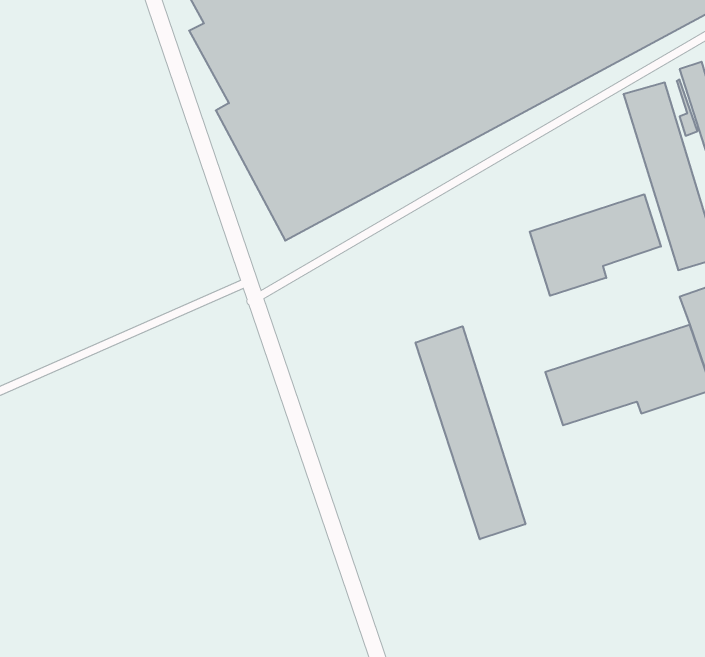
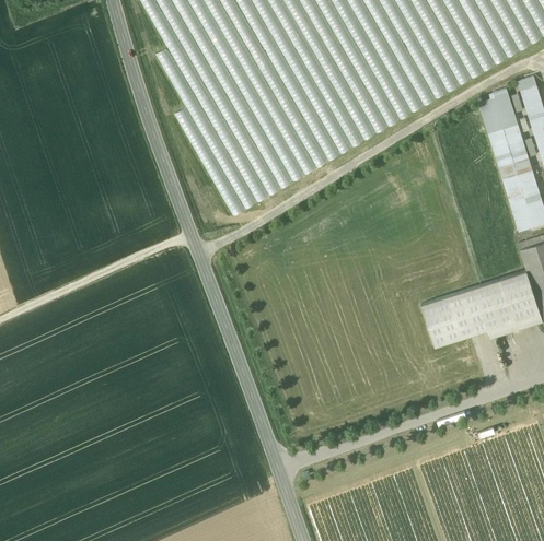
building: [530,194,661,296] -> none
building: [416,326,525,539] -> none

